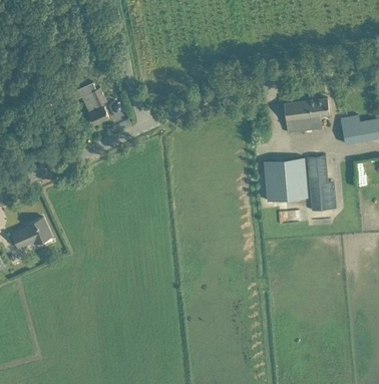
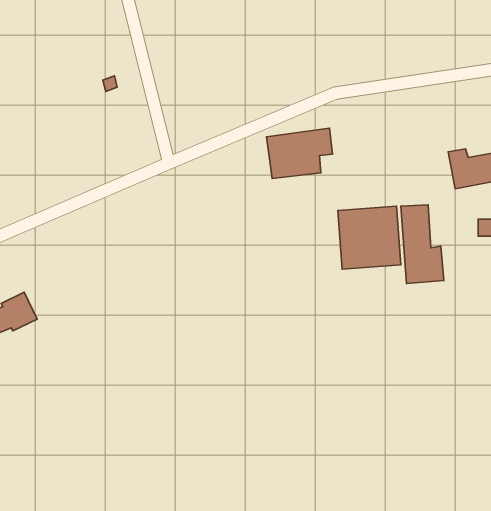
building: [81,88,108,123] -> none
building: [283,97,329,132] -> [266,128,332,178]

